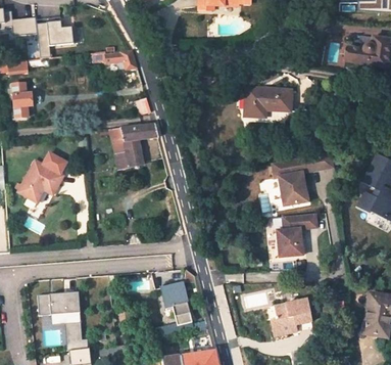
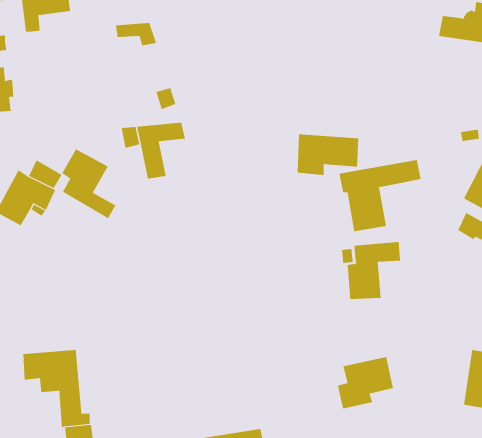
building: [245,87,291,118] -> [297,134,359,176]
building: none -> [61,148,116,219]
building: [160,282,190,316] -> none

